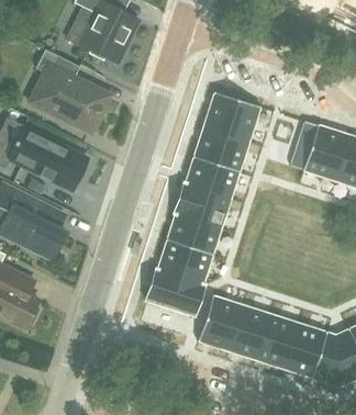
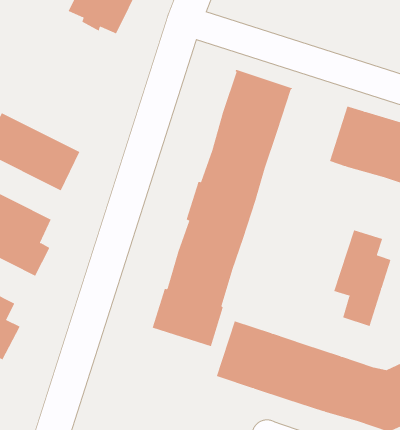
building: [31,48,108,130] -> none
building: none -> [334,230,391,327]

